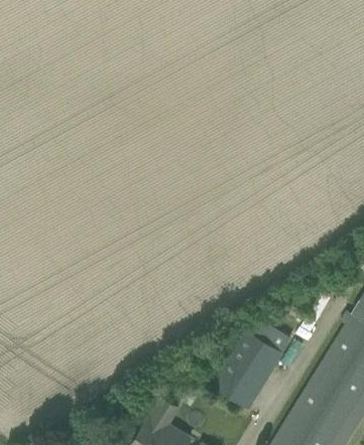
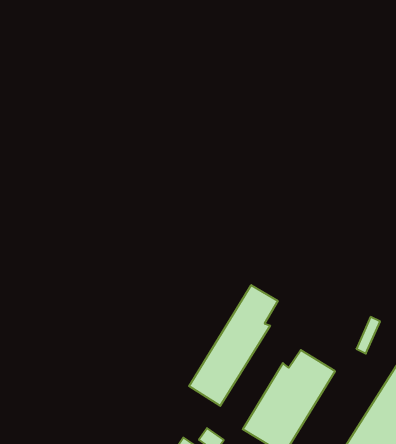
building: none -> [189,285,278,406]

